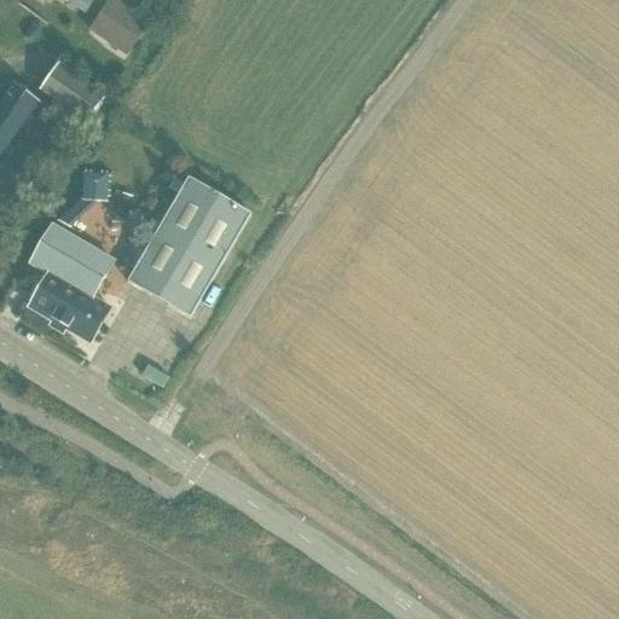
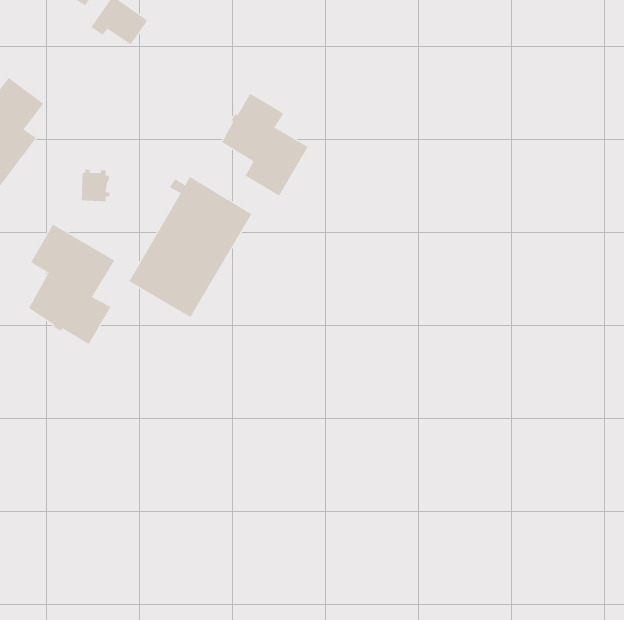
building: [36,59,104,121] -> none
building: none -> [222,93,309,197]

